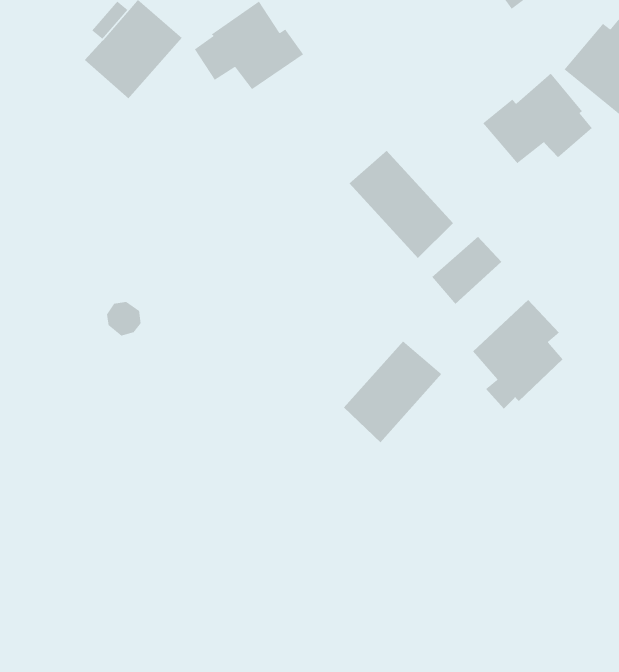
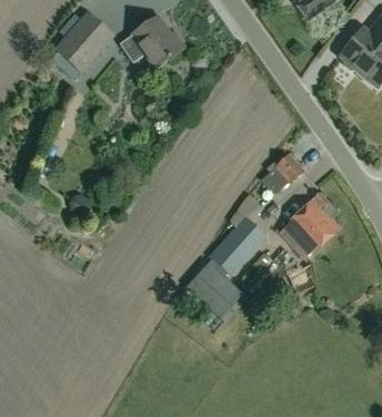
building: [482,73,593,164] -> none
building: [348,150,454,259] -> none
building: none -> [188,263,243,317]

